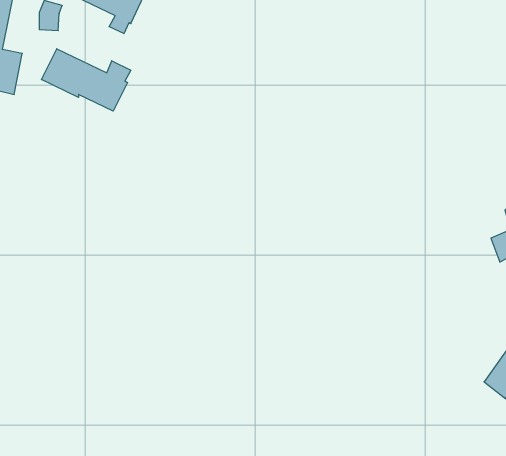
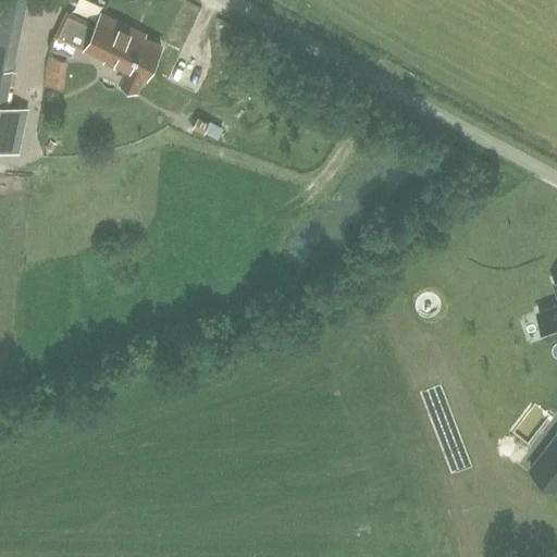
building: [41,49,131,111] -> none

